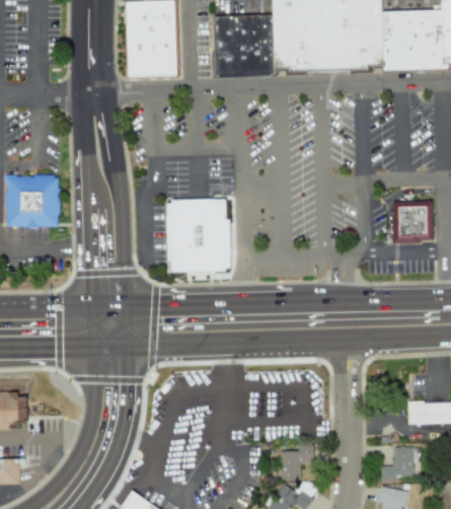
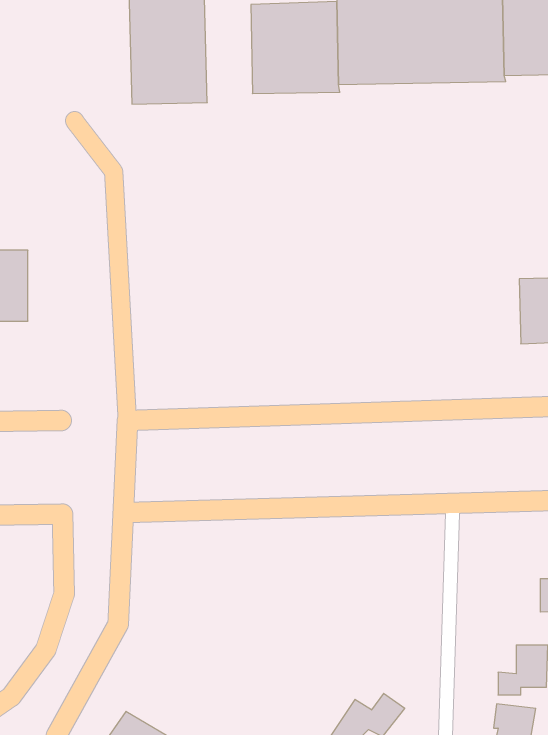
building: [171,205,234,277] -> none
building: [277,444,311,479] -> none

